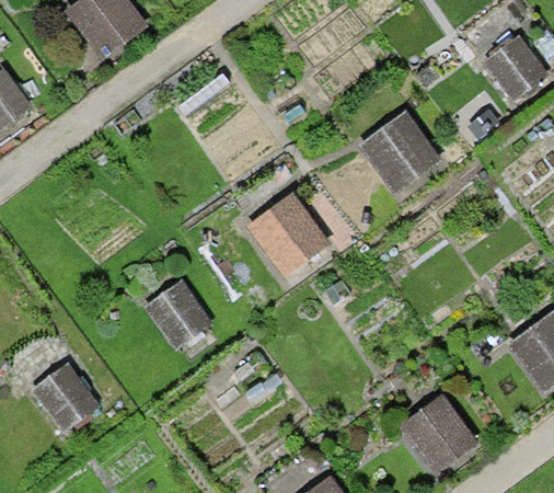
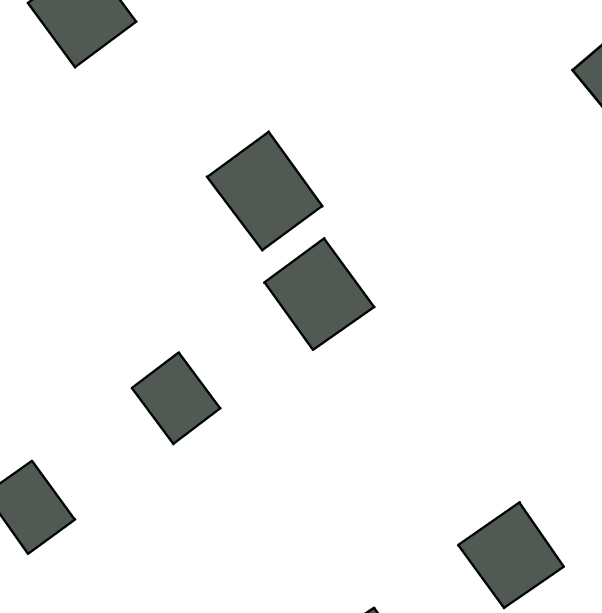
building: none -> [207,132,322,250]
building: [359,111,447,199] -> none

